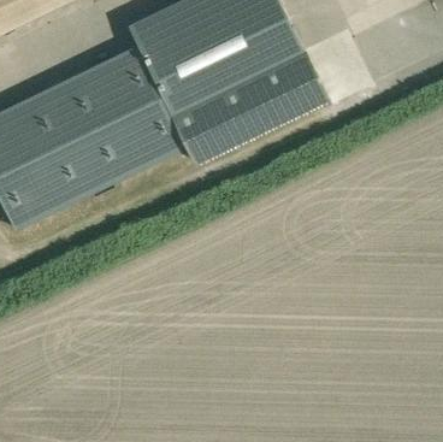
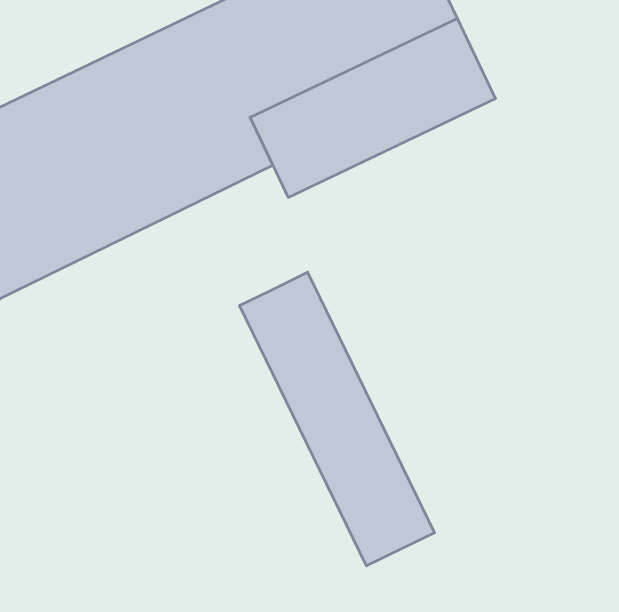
building: none -> [240,272,435,566]

